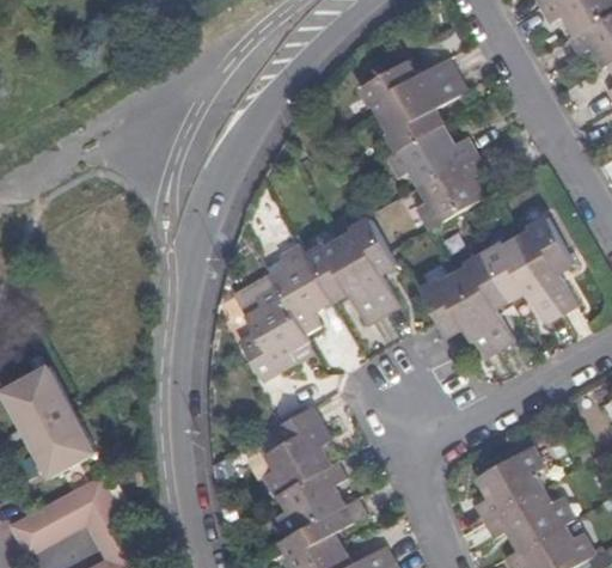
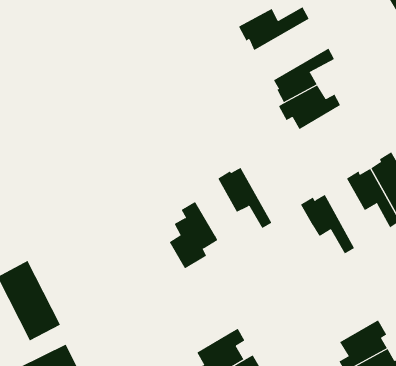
building: [361,57,459,118] -> [238,7,310,51]
building: [418,153,485,228] -> none
building: [338,216,398,314] -> none
building: [270,244,332,331] -> none
building: [454,254,512,349] -> none
building: [265,404,330,493] -> none

